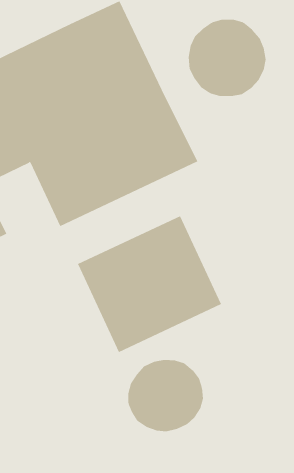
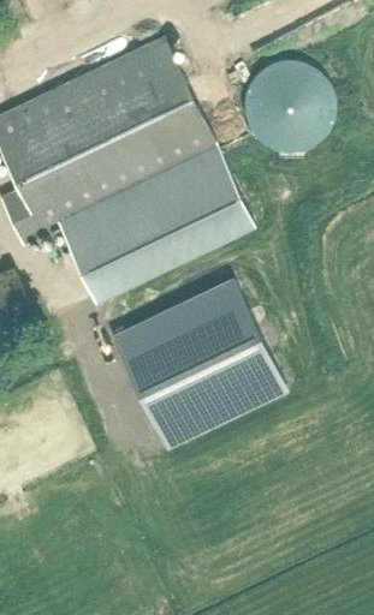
building: [128,359,204,432] -> none

